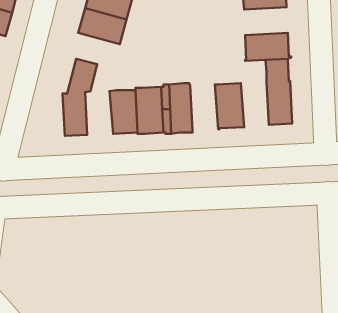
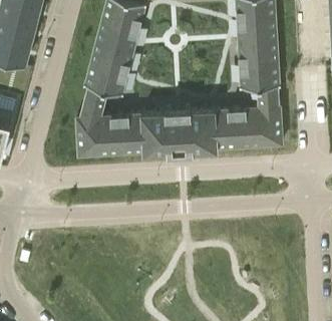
building: none -> [239,39,278,64]
building: none -> [83,62,127,94]
building: none -> [236,106,261,146]
building: none -> [191,108,216,149]
building: none -> [96,114,121,153]

